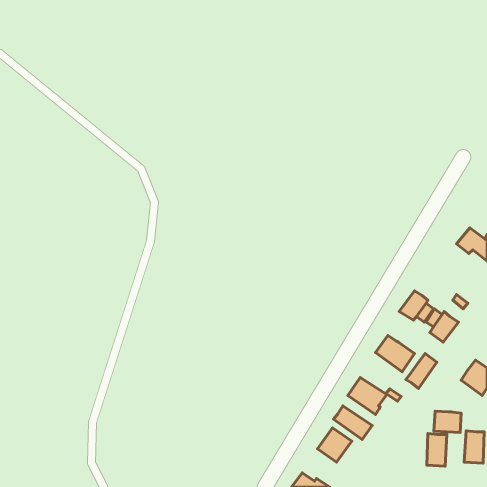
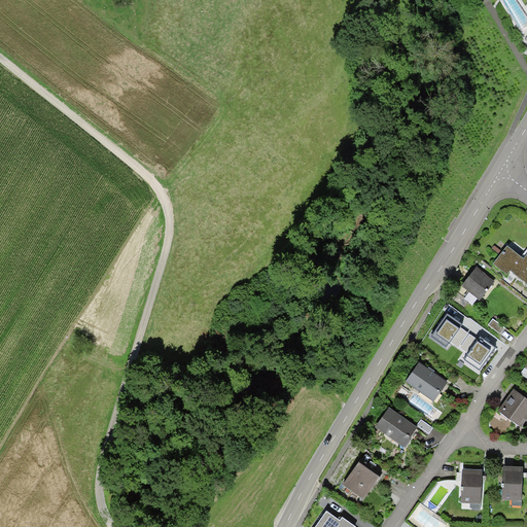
building: none -> [462,267,495,301]
building: [406,354,437,389] -> none
building: [334,406,372,440] -> none
building: [434,411,461,433] -> none

